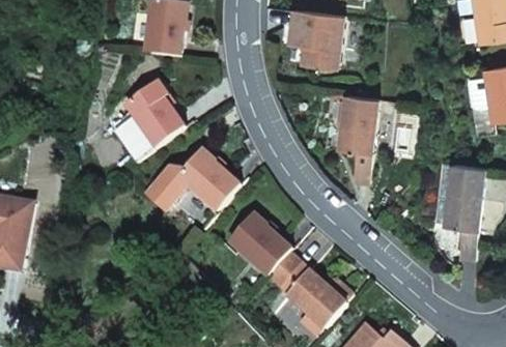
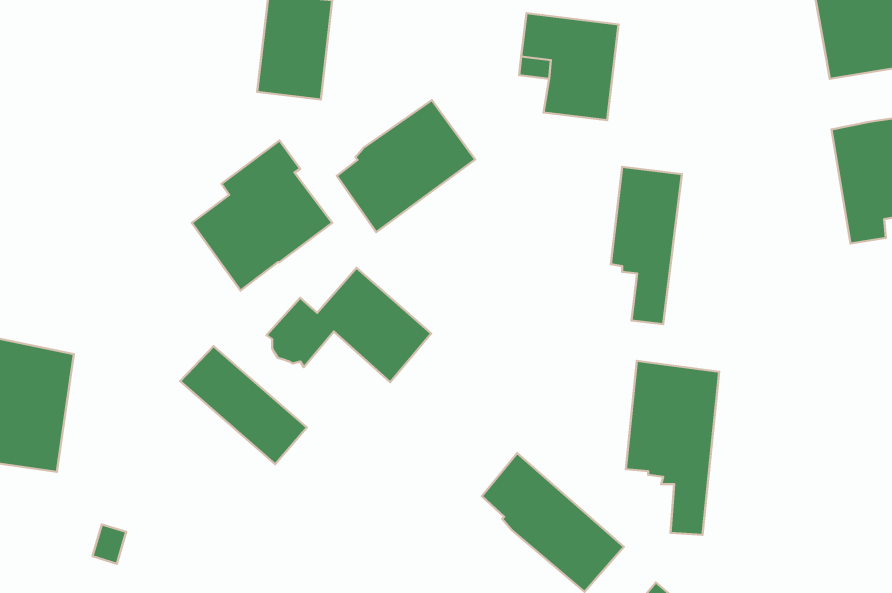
building: none -> [337,100,475,232]
building: [433,162,485,258] -> [626,361,719,535]
building: none -> [180,346,307,464]
building: [227,213,291,277] -> none

